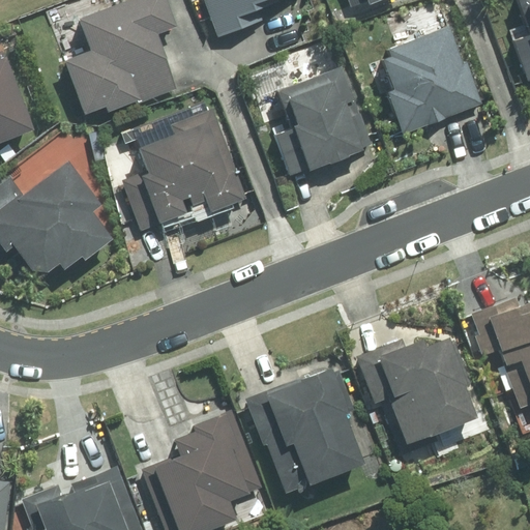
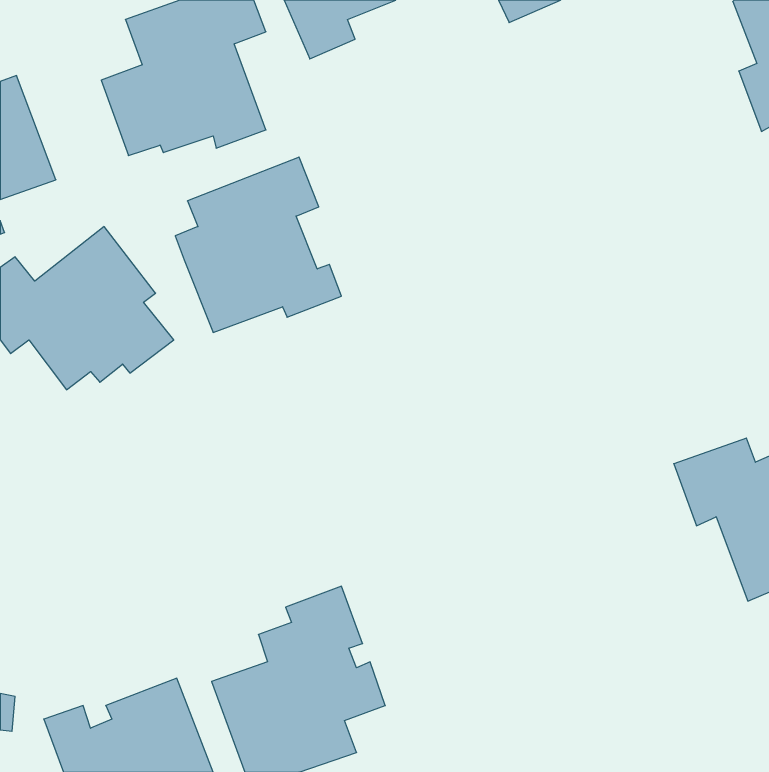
building: [371,30,476,138] -> none
building: [265,69,351,188] -> none
building: [346,343,495,449] -> none
building: [253,366,358,491] -> none

